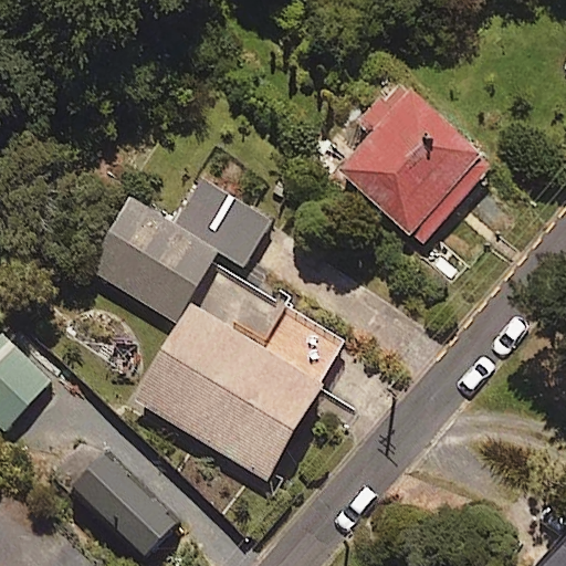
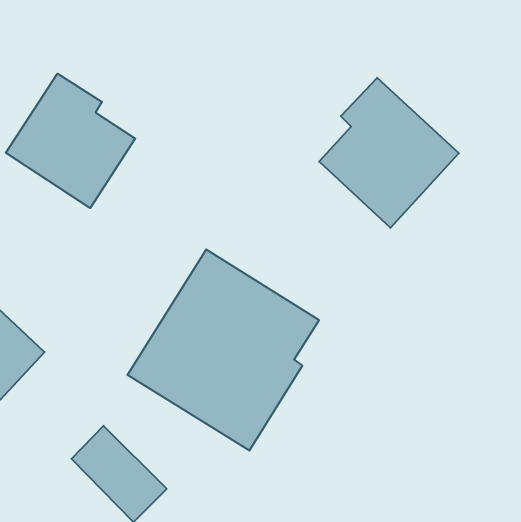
building: none -> [6,74,135,208]
building: [86,177,266,321] -> none

